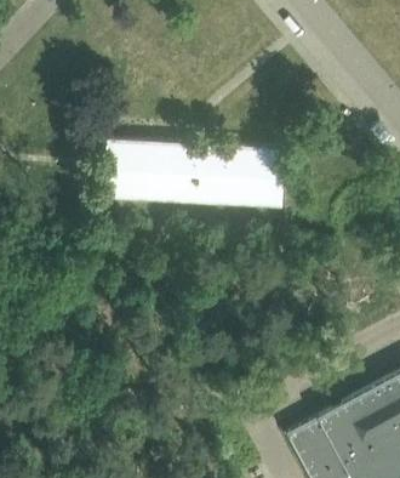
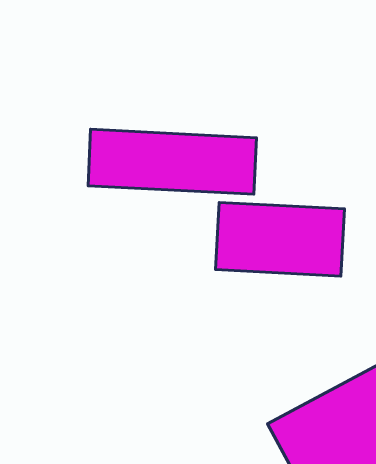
building: none -> [215,202,345,276]

